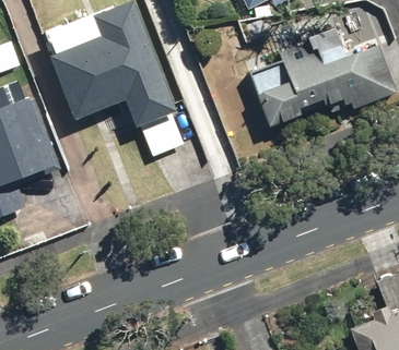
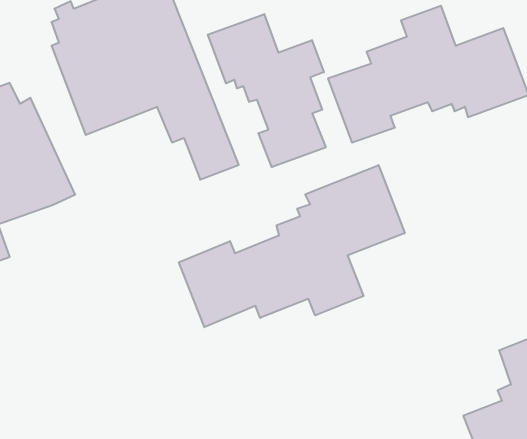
building: none -> [208,14,326,167]
building: none -> [179,165,405,327]

